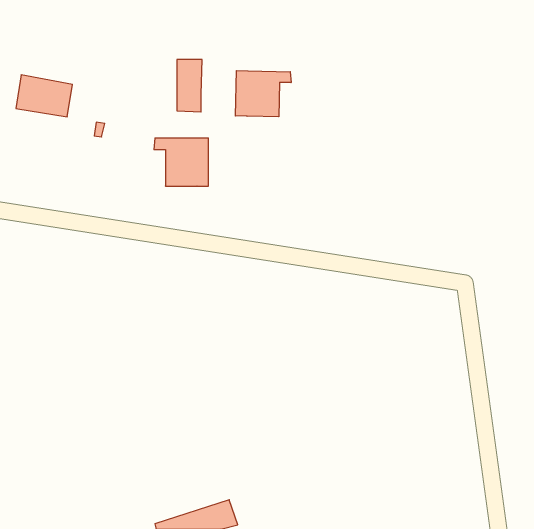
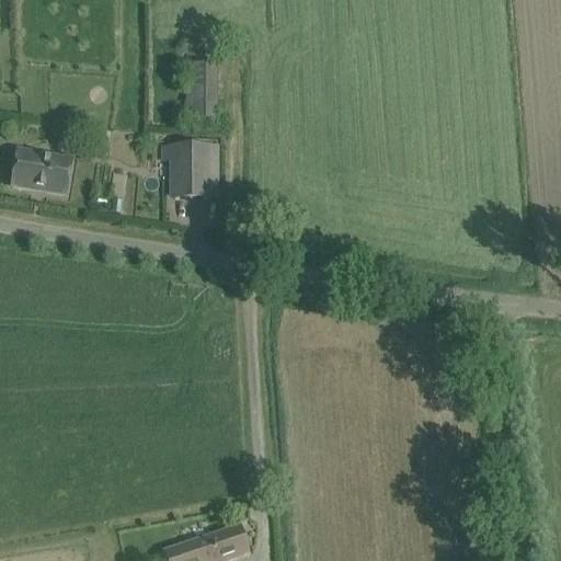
building: [235,71,291,117] -> none
building: [16,75,72,117] -> [11,148,70,192]

